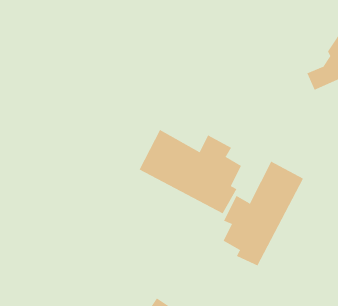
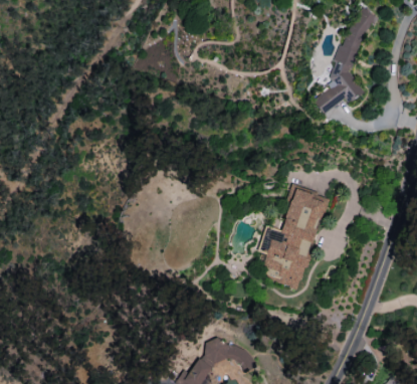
building: [139,129,242,214] -> none

